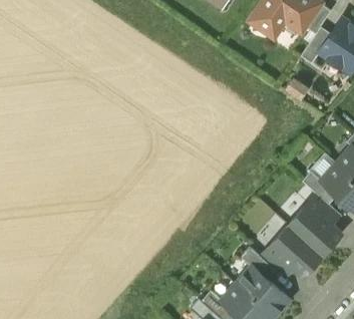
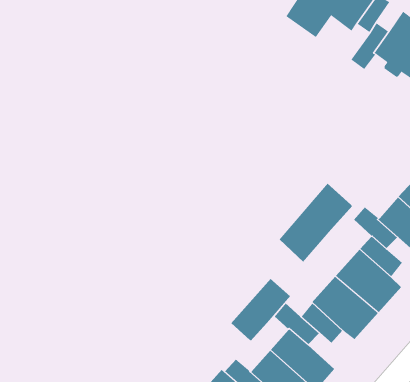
building: none -> [279,183,353,263]
building: none -> [230,278,291,342]

